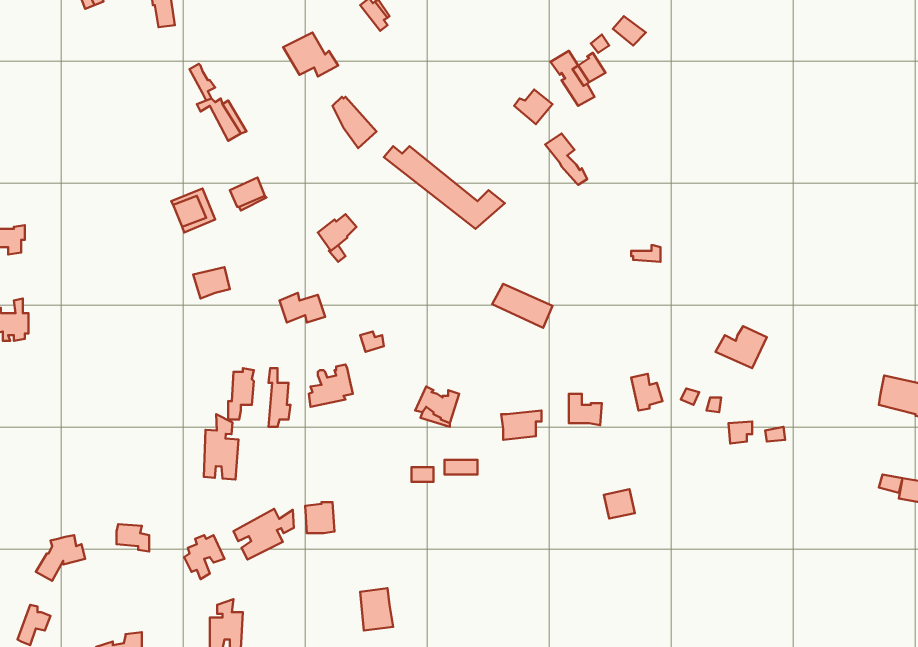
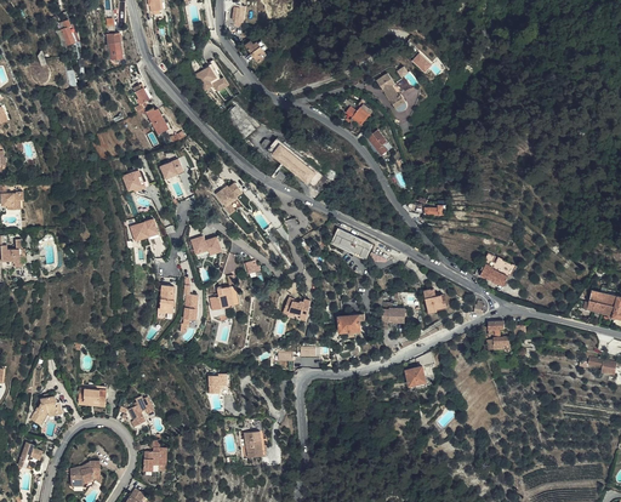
building: [204,414,239,479] -> none
building: [233,509,294,559] -> none

